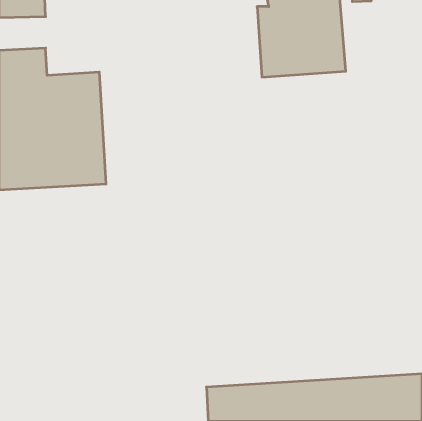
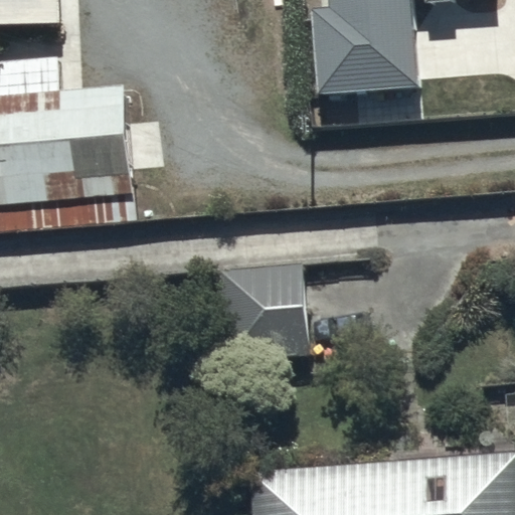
building: none -> [219,266,309,363]

